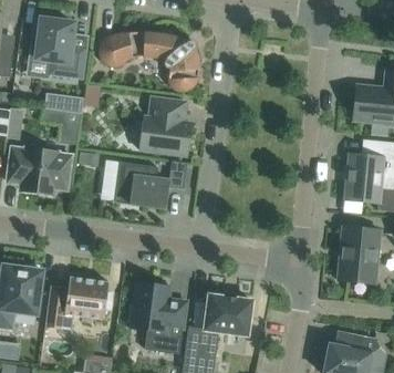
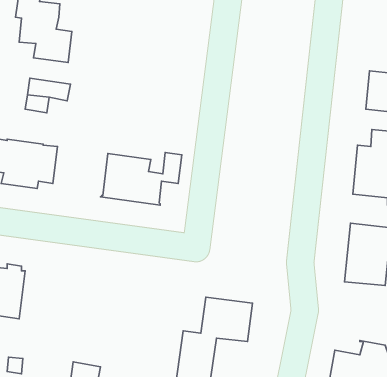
building: [98,30,198,91] -> none
building: [138,97,190,156] -> none
building: [44,277,112,330] -> none
building: [127,282,186,353] -> none

